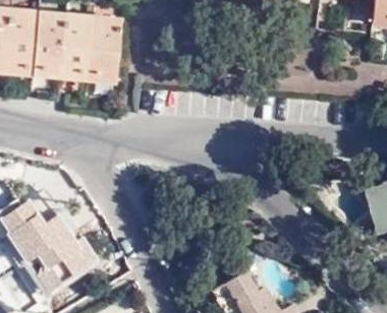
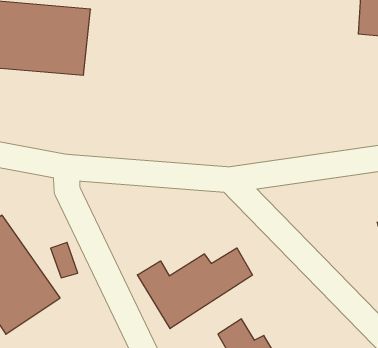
building: none -> [137,248,252,329]

